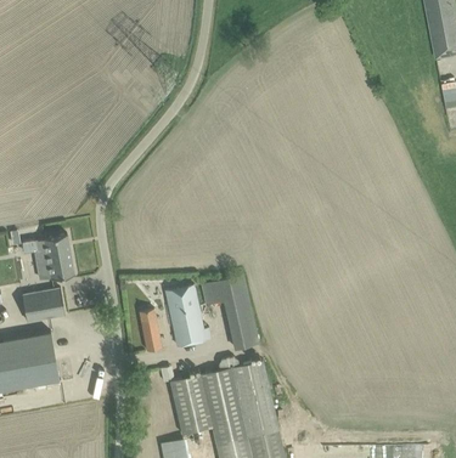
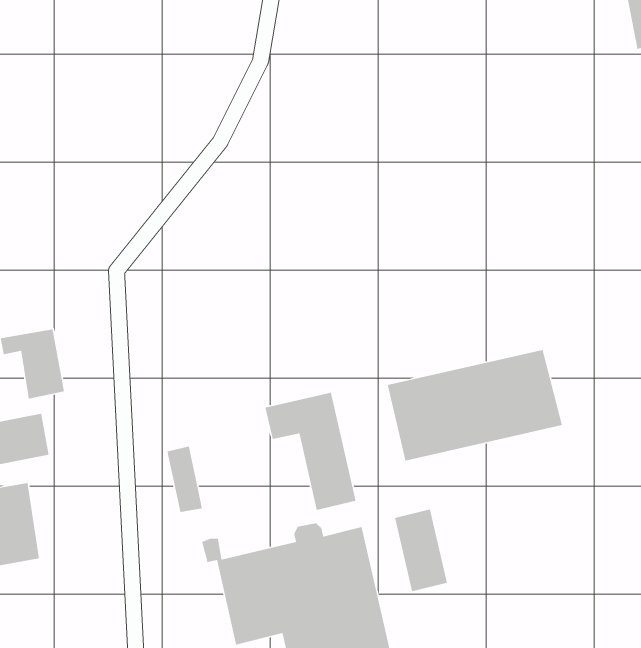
building: none -> [387,349,563,462]
building: [165,285,212,346] -> none
building: none -> [394,508,448,592]

